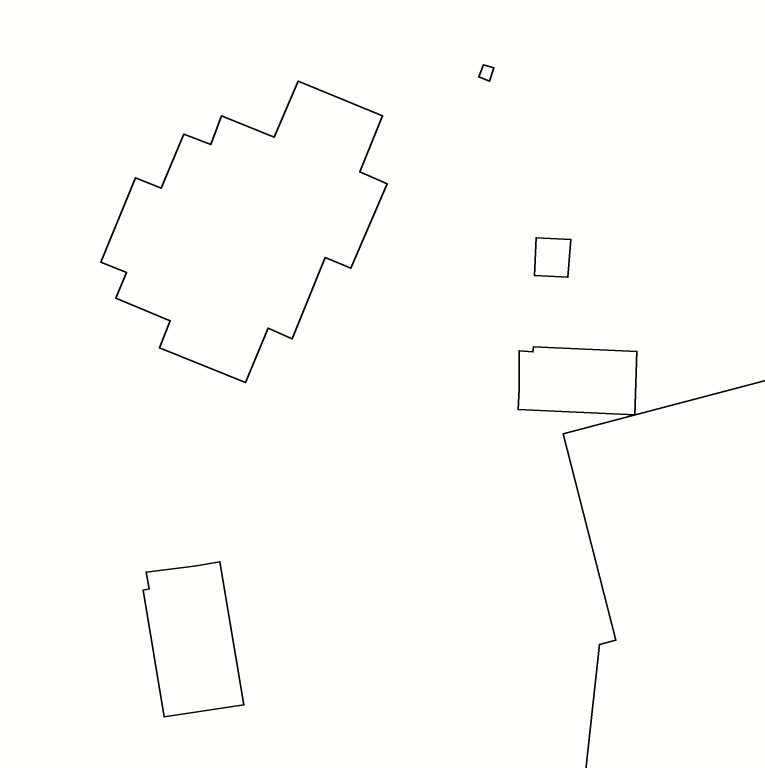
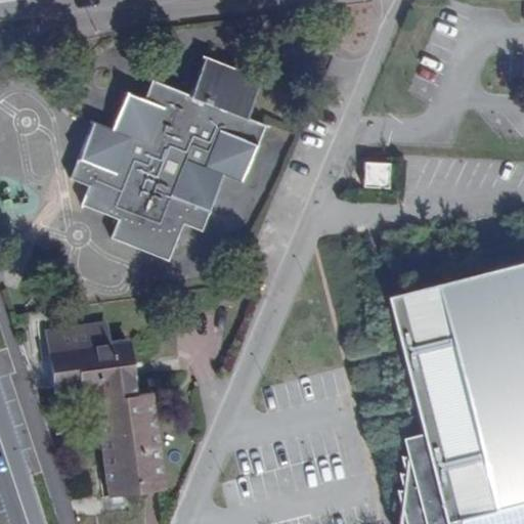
building: [518,347,637,415] -> none
building: none -> [49,323,135,393]

